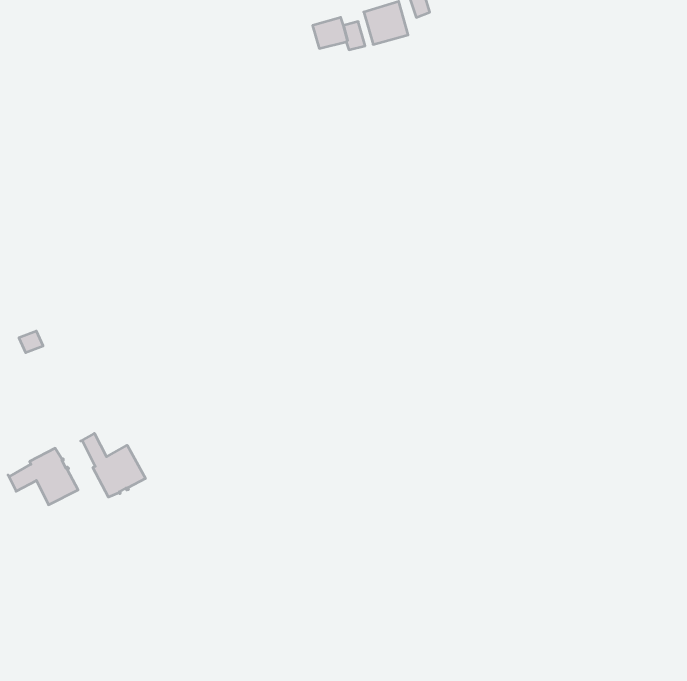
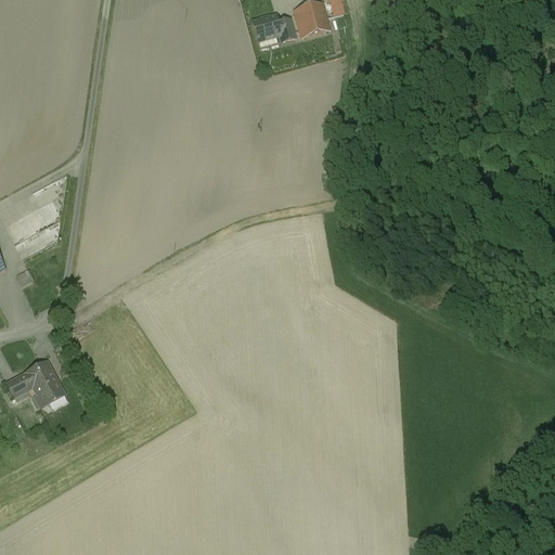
building: [81,433,145,497] -> none

